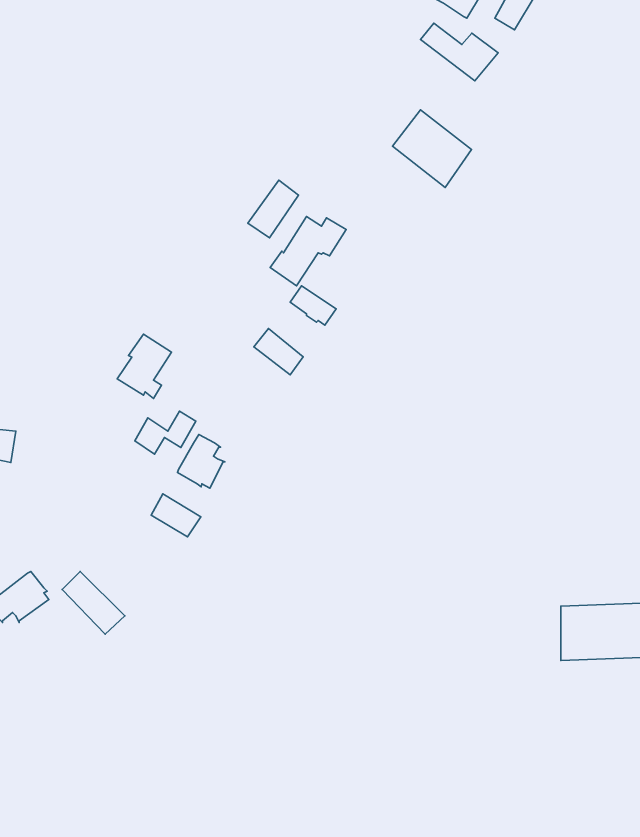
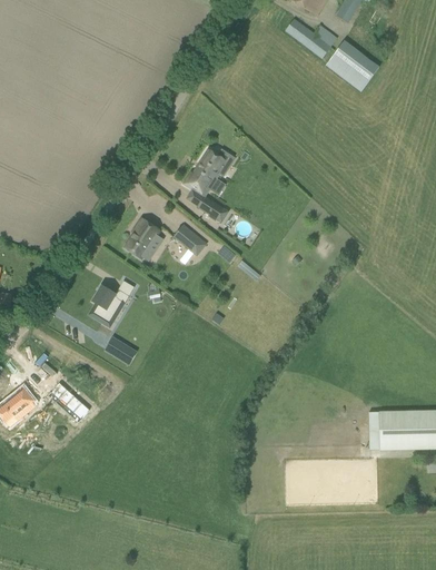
building: [392,110,472,188] -> [325,39,378,91]
building: [248,180,298,238] -> none
building: [117,334,172,398] -> [123,217,160,261]
building: [178,434,225,488] -> none

